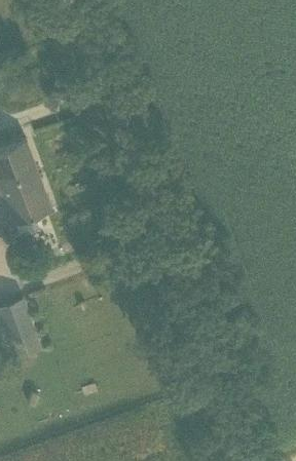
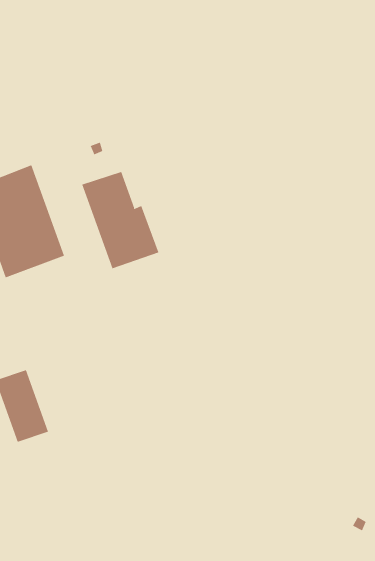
building: none -> [81,171,159,269]

